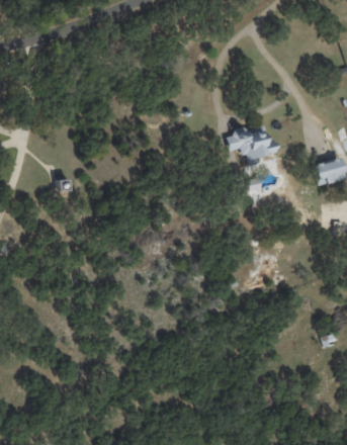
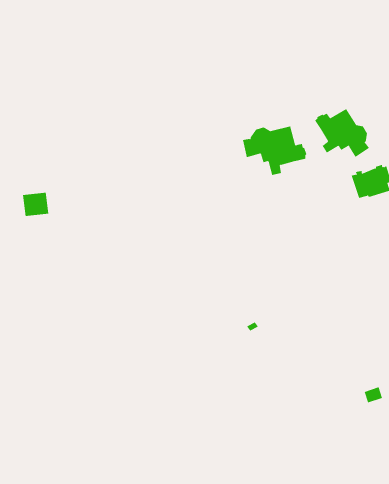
building: none -> [314,108,370,158]

